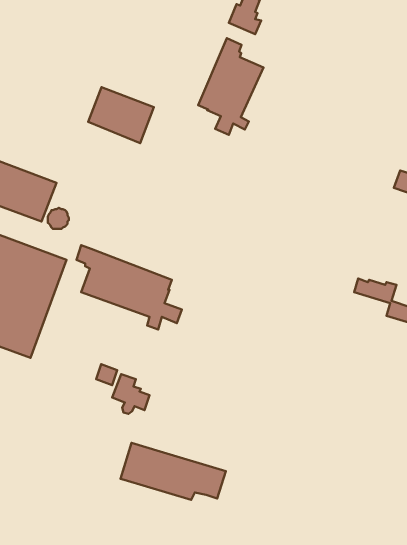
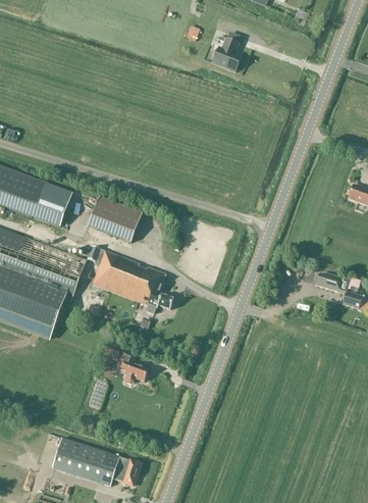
building: [198,38,264,135] -> none
building: [88,87,154,143] -> [88,196,142,242]
building: [120,443,226,500] -> [53,439,140,486]

